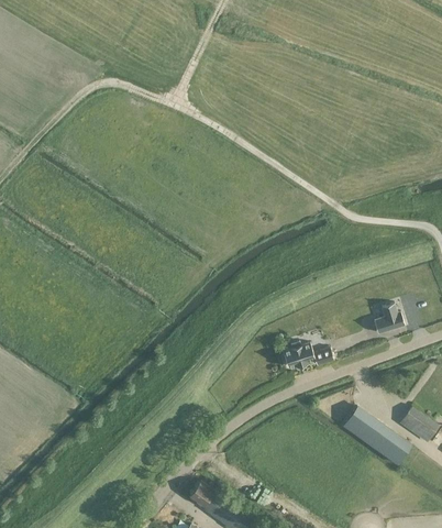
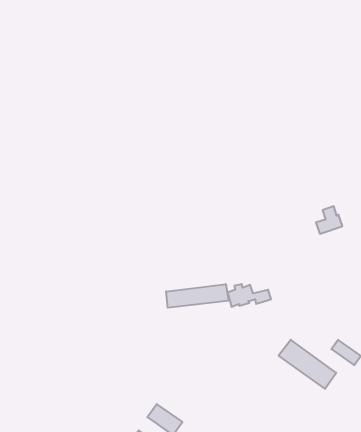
building: [373,301,404,333] -> [316,206,342,234]
building: none -> [166,284,228,308]

